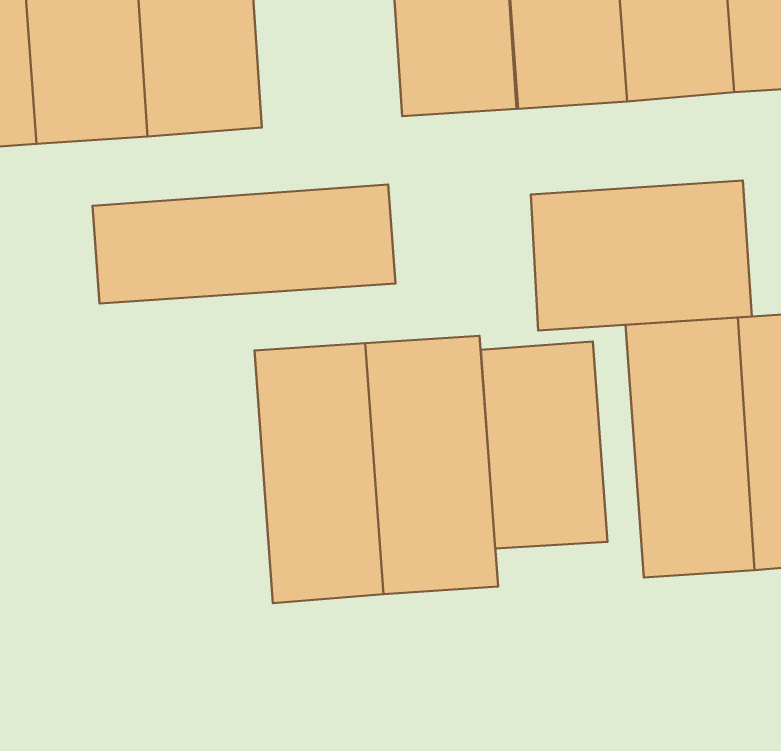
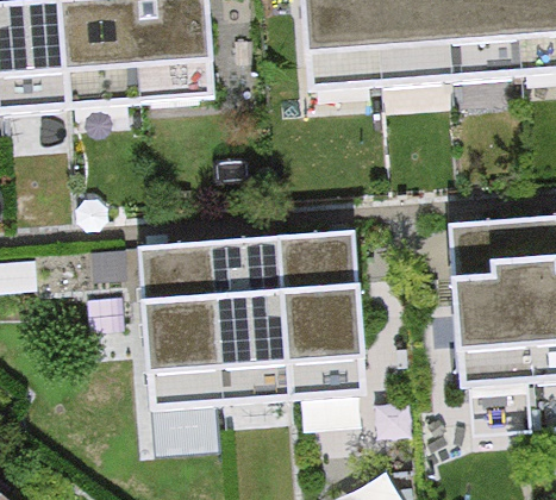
building: [531,181,752,330] -> none
building: [93,184,395,304] -> none
building: [481,342,608,549] -> none
building: none -> [138,240,223,408]

